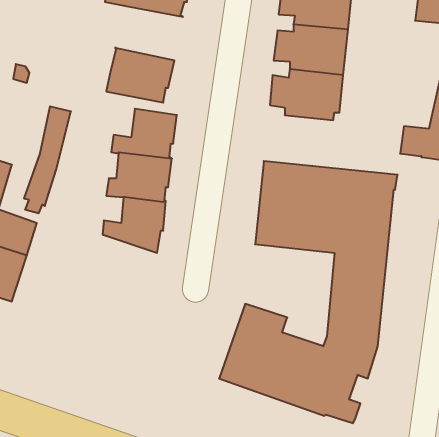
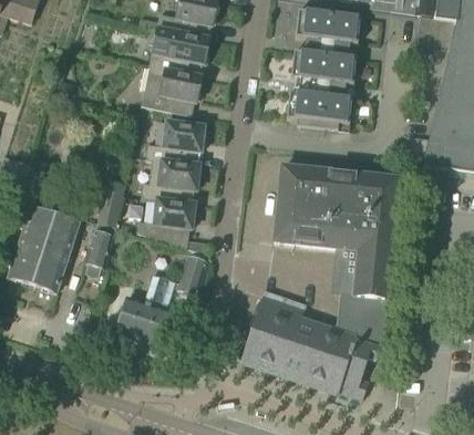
building: none -> [148,28,209,76]
building: [24,106,71,213] -> [84,178,126,273]
building: none -> [116,255,208,345]

